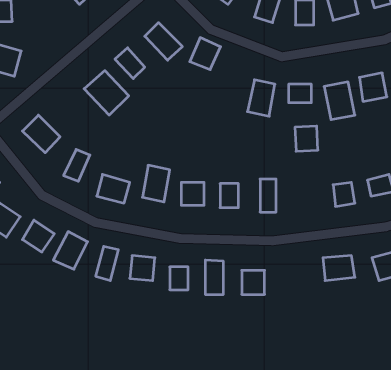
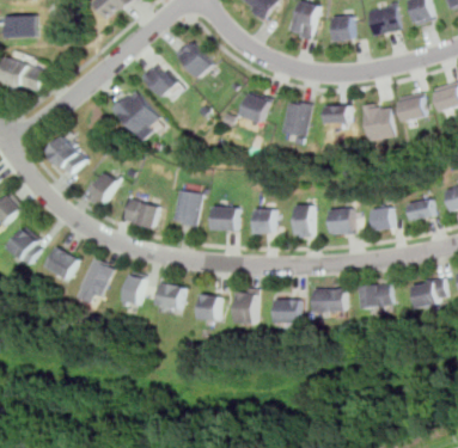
building: [190,38,221,70] -> [239,91,271,124]
building: [295,126,318,151] -> [328,208,352,234]
building: none -> [315,288,347,312]

